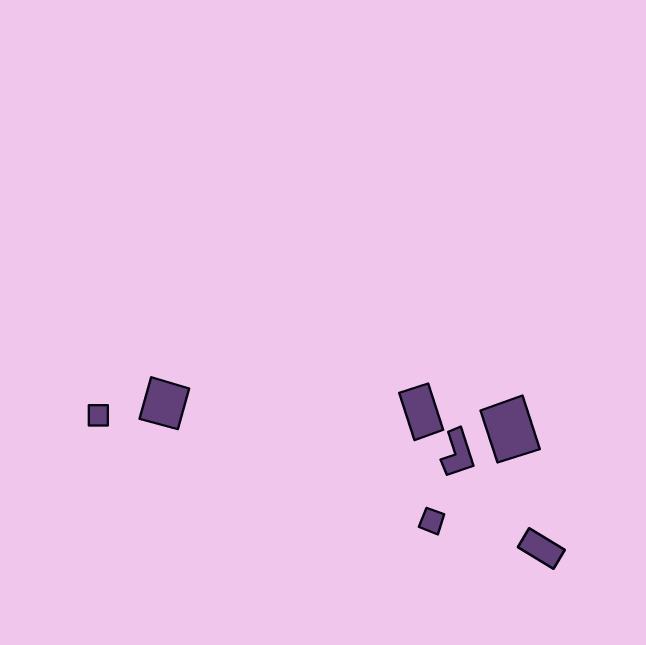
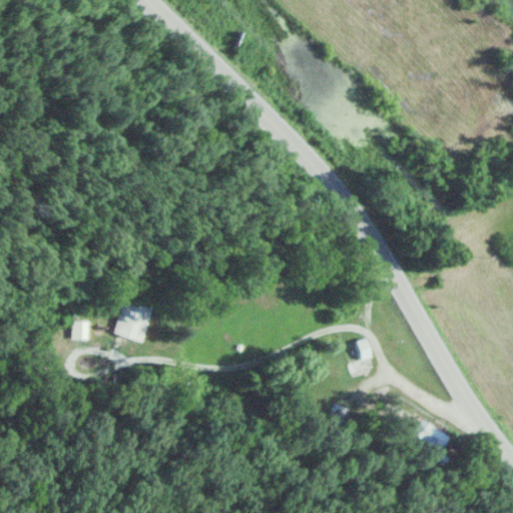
building: [399,384,443,440] -> none
building: [480,395,540,462] -> none

